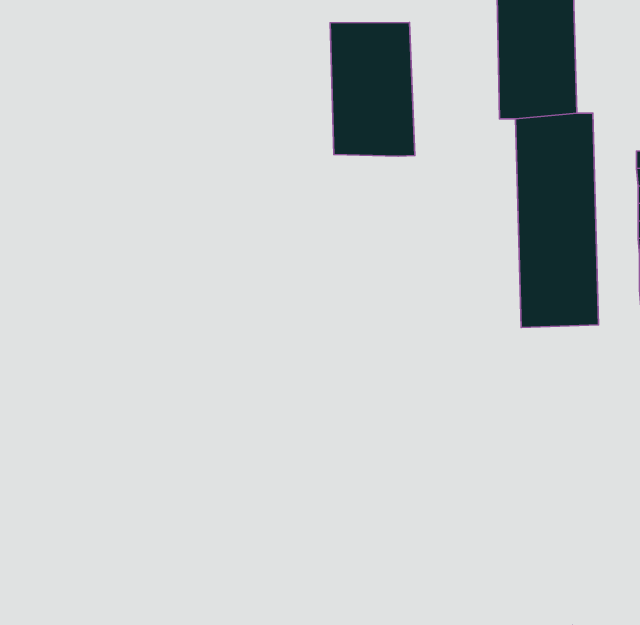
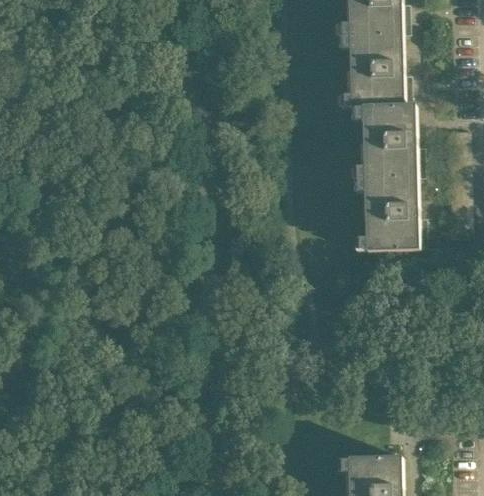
building: [330,22,415,156] -> none

